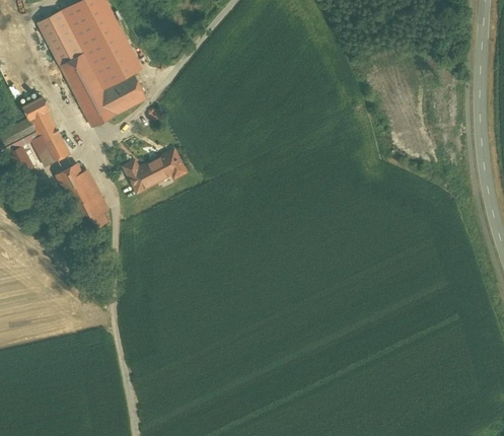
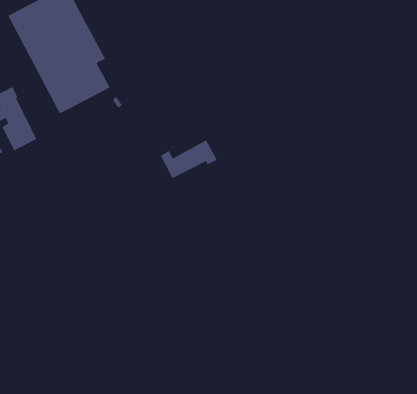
building: [124,149,186,192] -> [160,139,218,179]
building: [55,162,107,233] -> none

